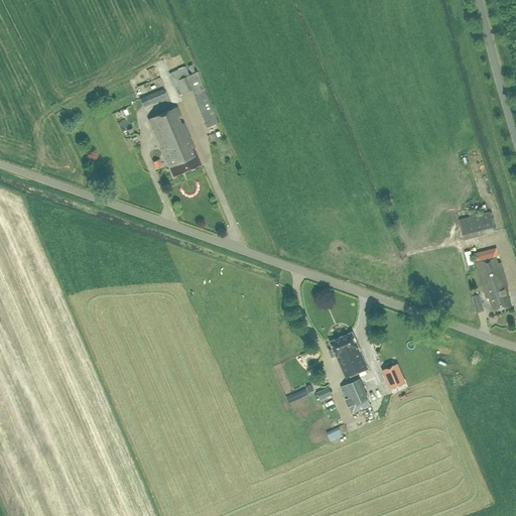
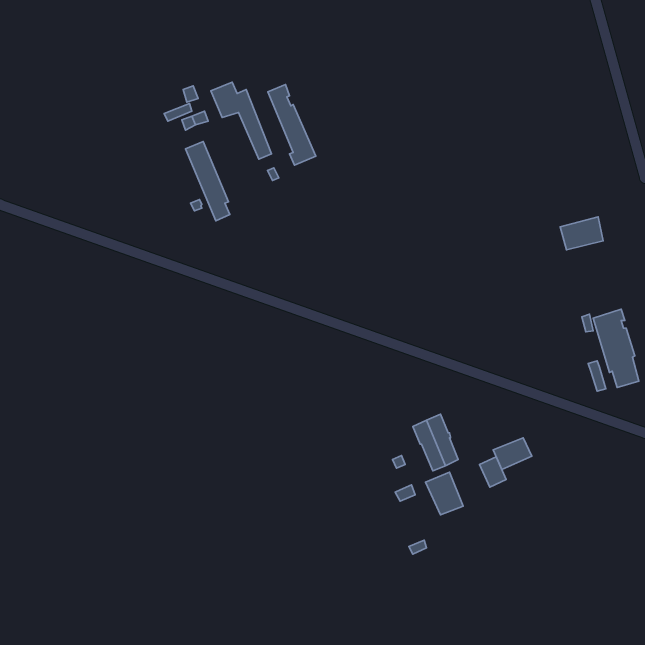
building: [162,107,201,171] -> [268,84,316,165]
building: [460,212,494,238] -> [560,217,603,250]
building: none -> [493,438,532,470]

